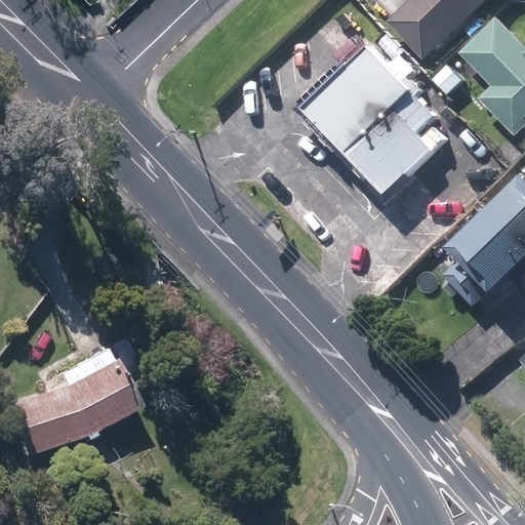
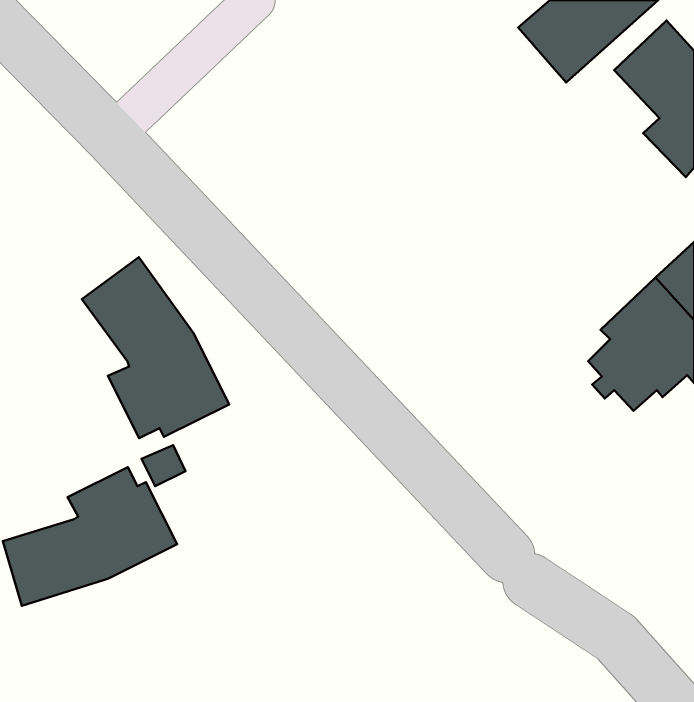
building: [305,48,451,197] -> none
building: none -> [82,257,229,438]

